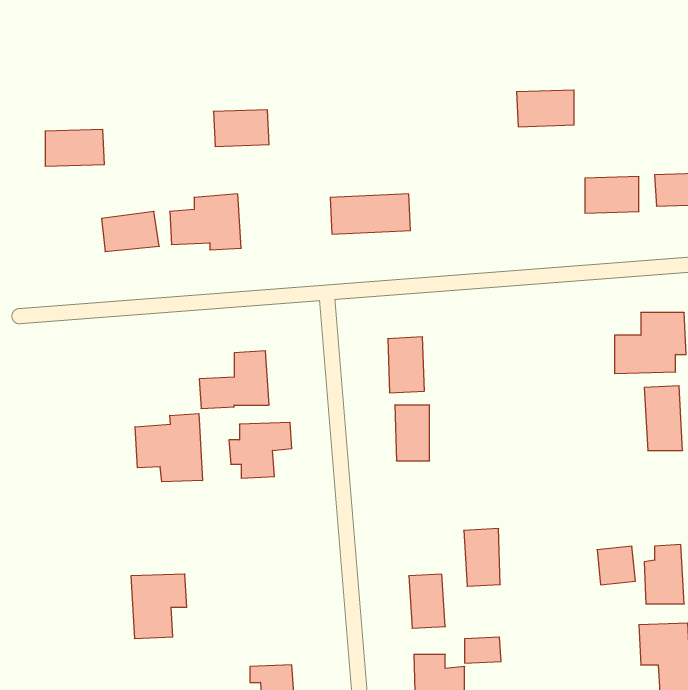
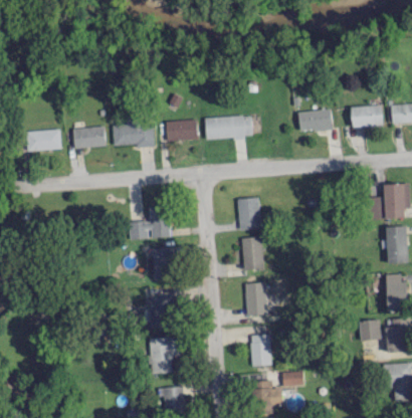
building: [517,90,574,127] -> [298,110,332,131]
building: [213,110,269,146] -> [166,120,198,141]
building: [45,129,104,166] -> [27,130,61,151]
building: [135,414,202,482] -> none
building: none -> [386,273,407,309]
building: none -> [149,296,178,326]
building: [464,529,500,586] -> [245,282,266,316]
building: [131,574,187,639] -> [150,337,182,374]

